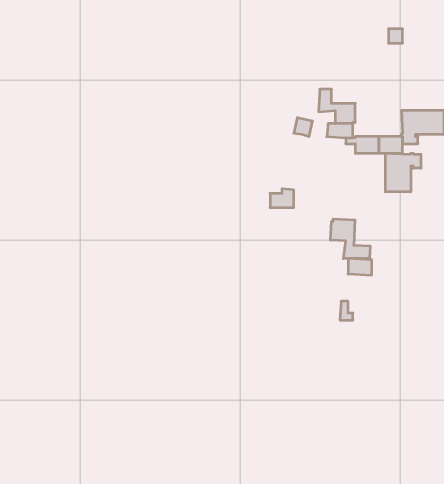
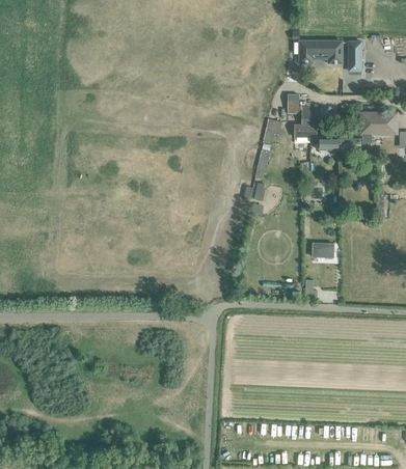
building: none -> [300,42,342,62]
building: [385,153,421,192] -> none
building: [331,219,370,259] -> none

